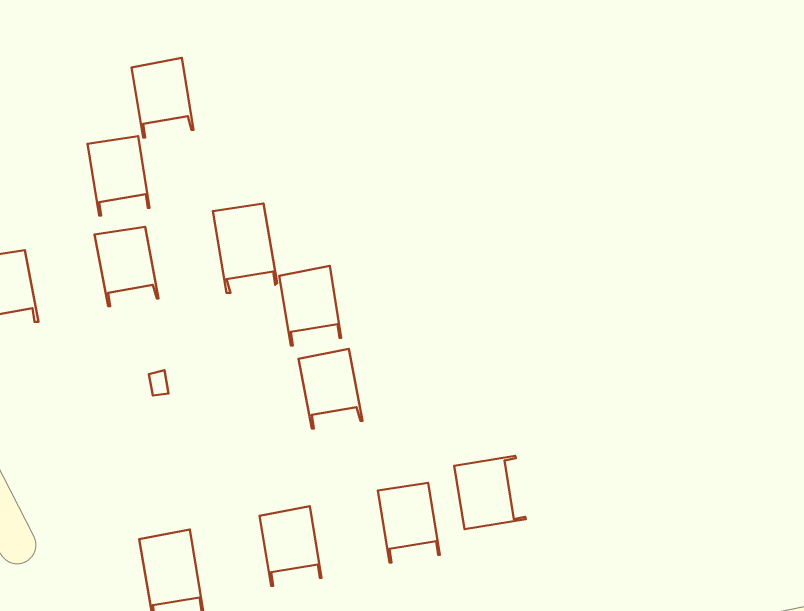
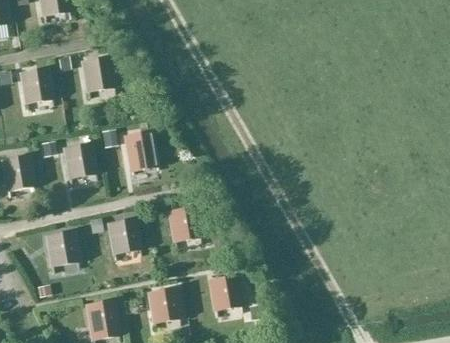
building: [88,136,150,216] -> [21,68,53,109]
building: [279,266,341,346] -> [109,218,141,259]
building: none -> [47,231,79,272]
building: [454,456,526,529] -> none

